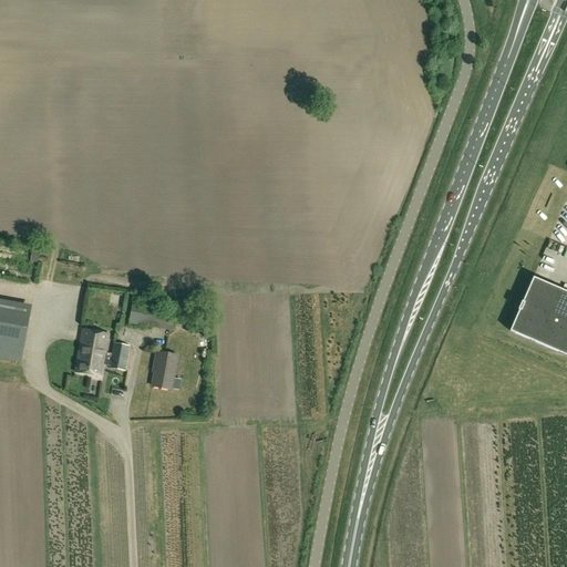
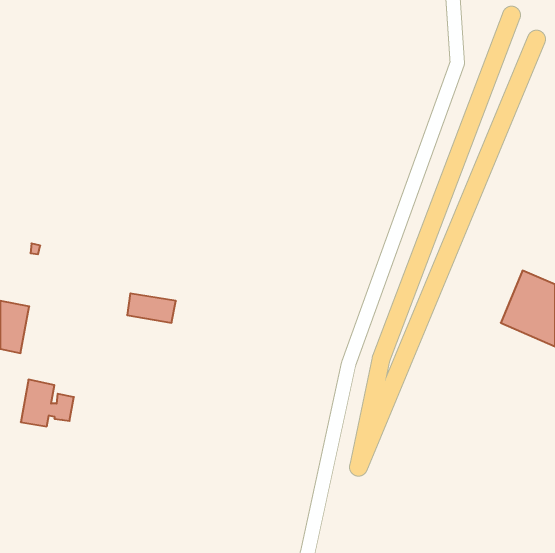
building: [75,327,130,374] -> [21,380,74,426]
building: [154,349,179,389] -> none

